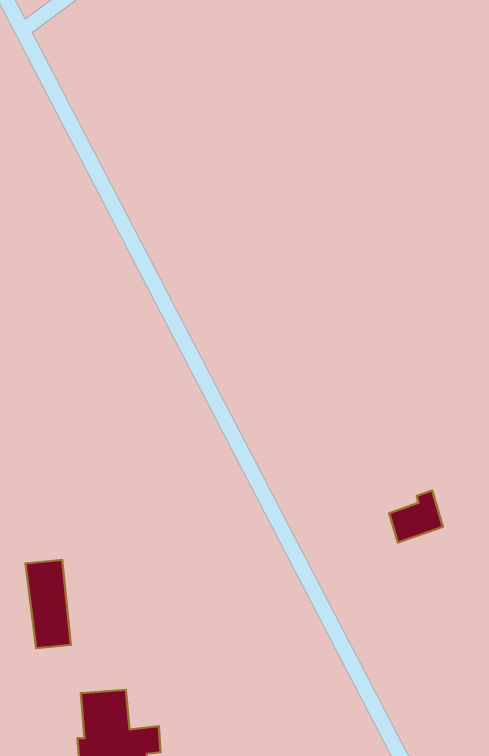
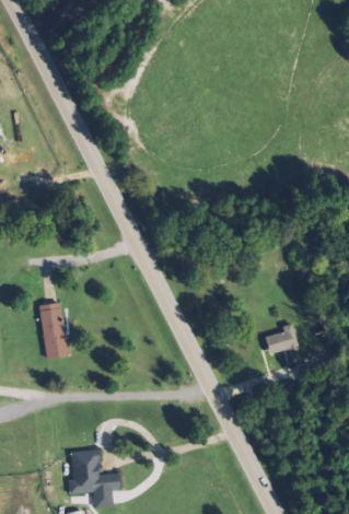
building: [26,560,71,648] -> [38,303,67,359]

